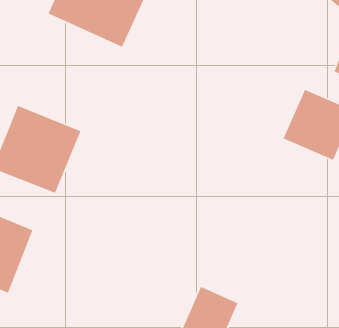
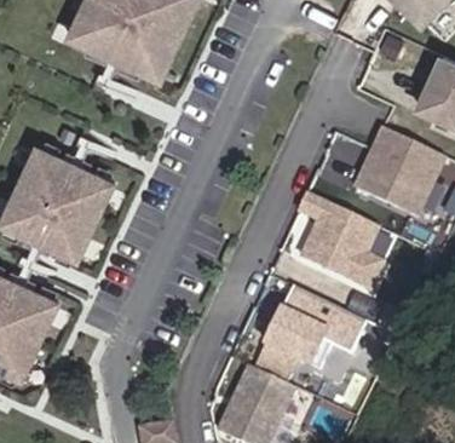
building: none -> [299,194,384,288]
building: none -> [275,286,368,368]

